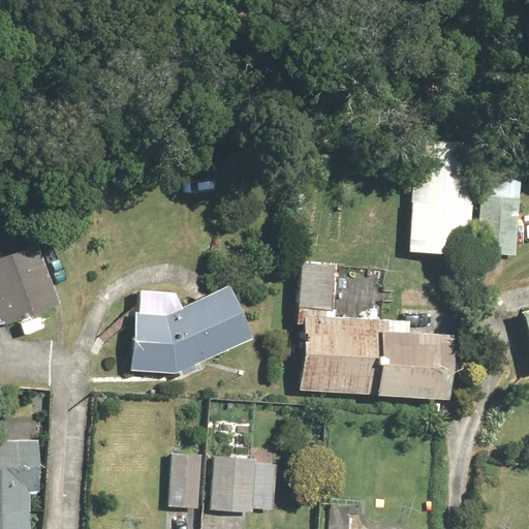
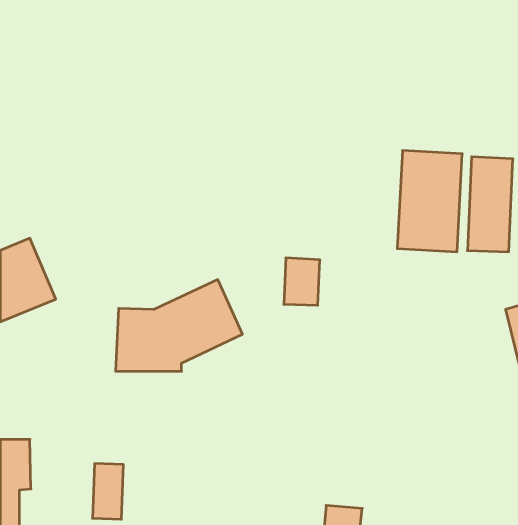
building: [295,315,443,399] -> none
building: [170,454,201,509] -> [92,464,123,519]
building: [212,457,279,512] -> none

